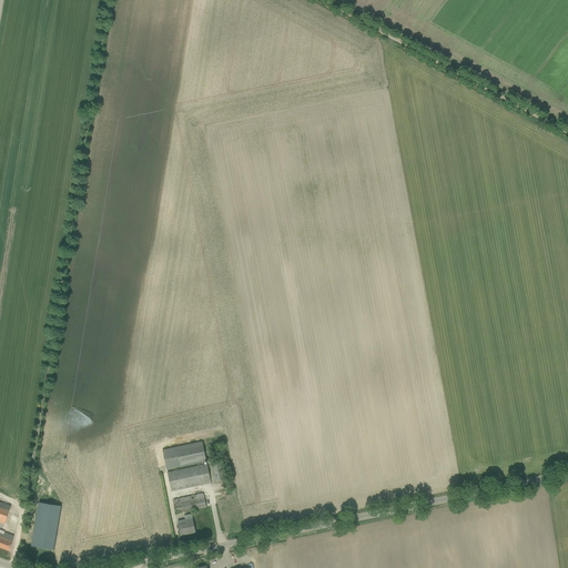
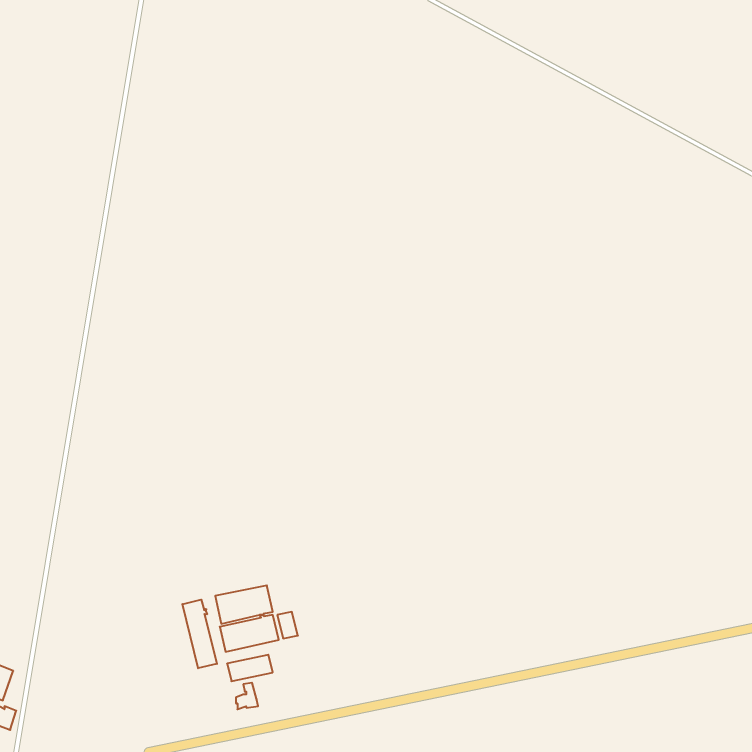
building: none -> [182,600,217,668]
building: [30,501,60,549] -> none

